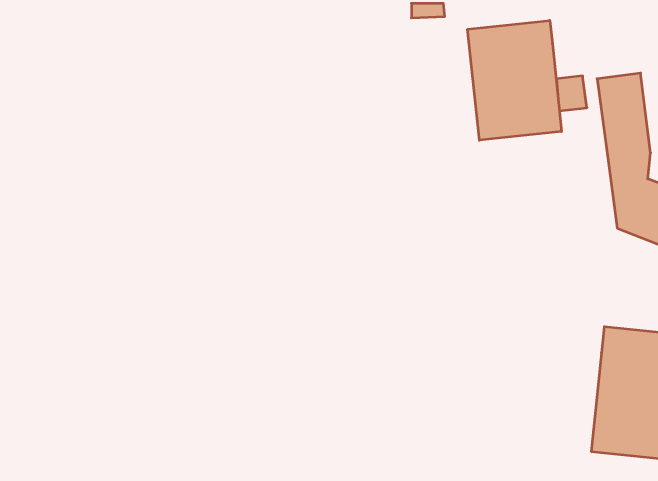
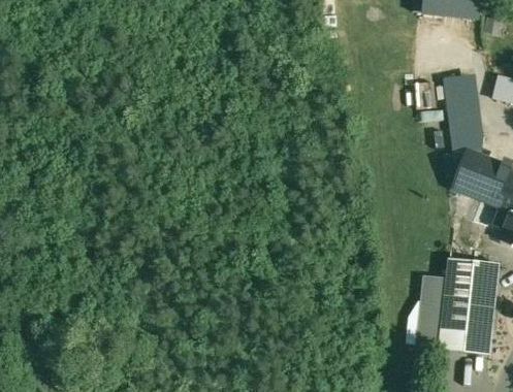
building: [468,20,561,140] -> none
building: none -> [416,274,447,348]

